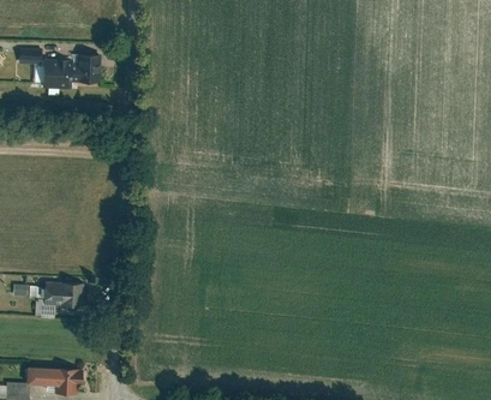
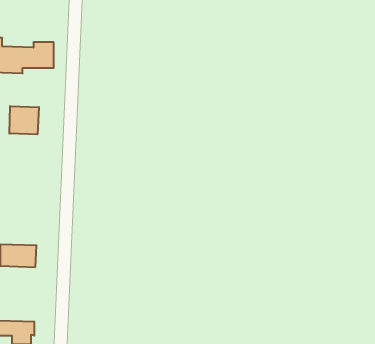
building: none -> [9,106,39,134]

